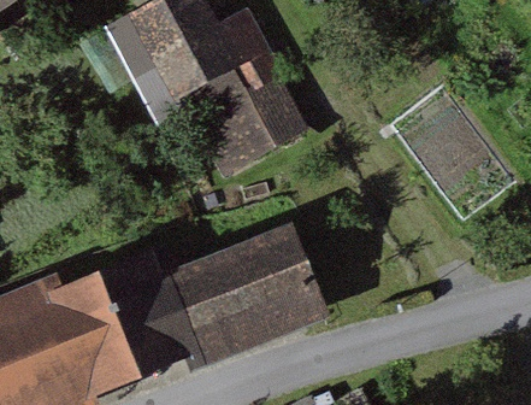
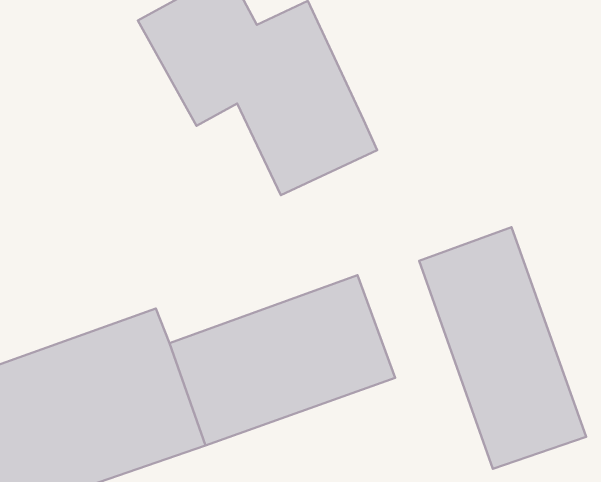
building: none -> [419,227,586,469]

